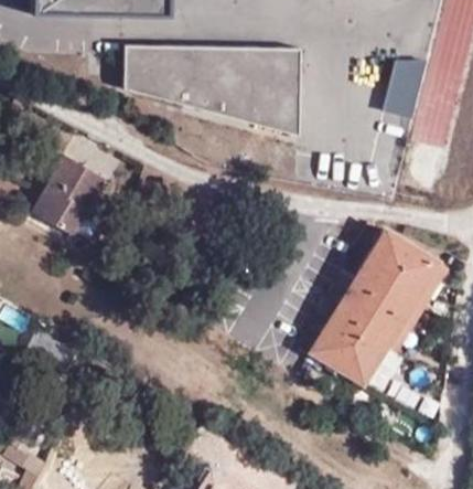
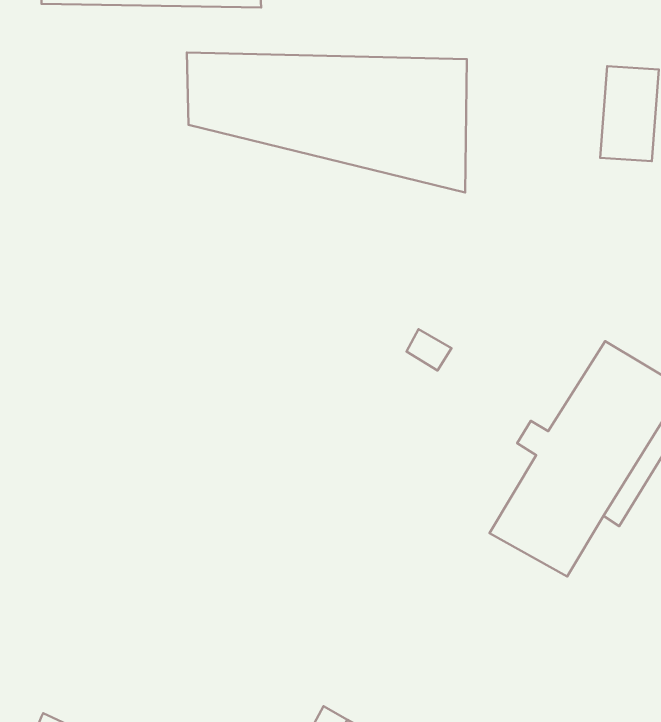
building: [32,152,105,232] -> none

